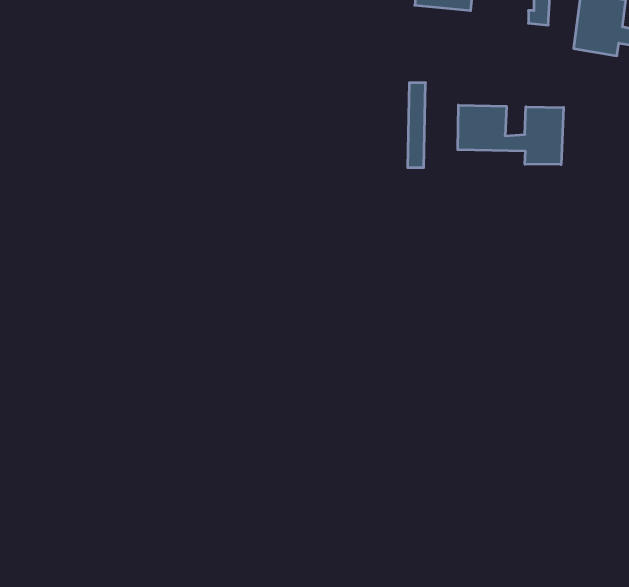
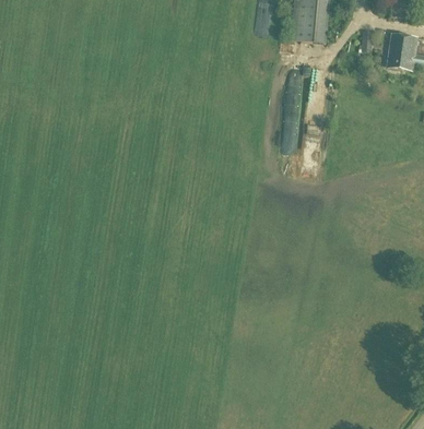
building: [458,105,564,165] -> none

